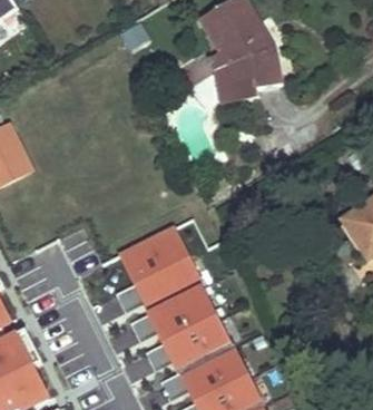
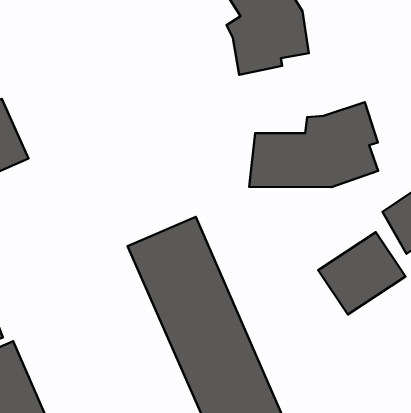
building: none -> [249,102,378,187]
building: none -> [318,232,406,315]

